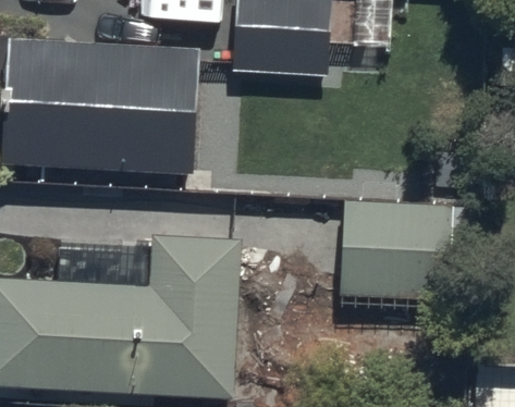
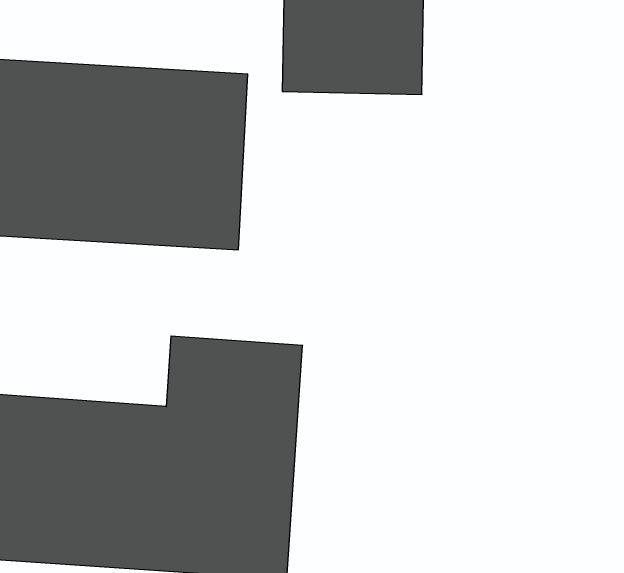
building: [335,194,452,292] -> none

